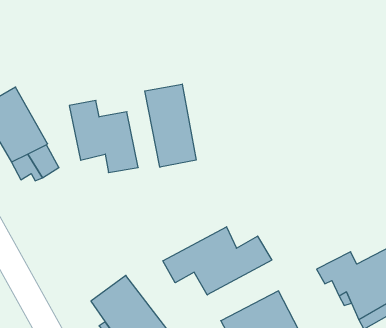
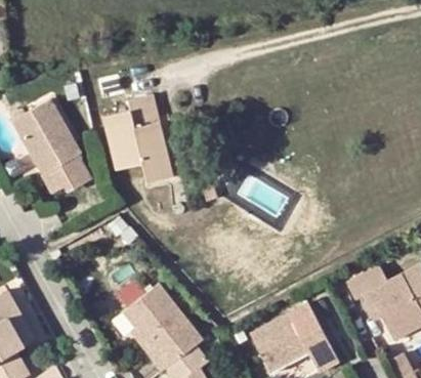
building: none -> [127,96,160,129]
building: [145,84,196,167] -> none
building: [163,227,272,295] -> none

